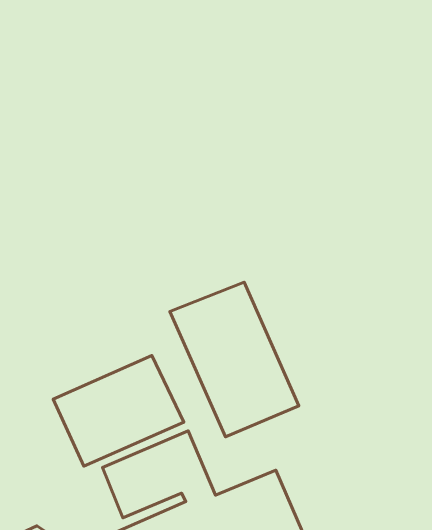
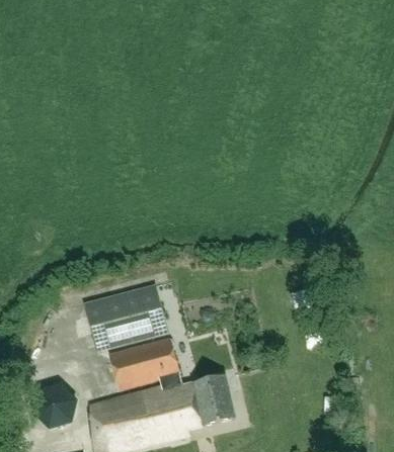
building: [170,282,299,437] -> none

